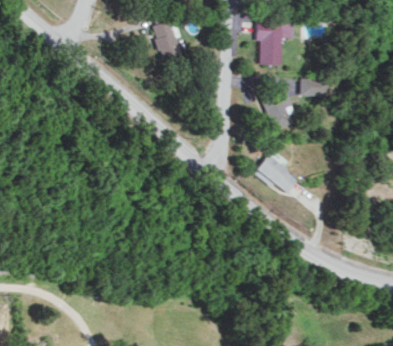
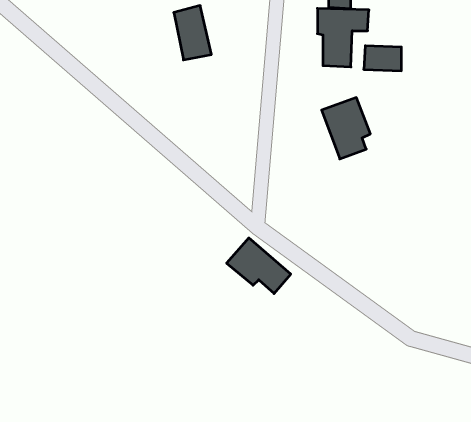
building: [300,79,327,97] -> [364,46,401,71]
building: [253,154,299,194] -> [227,238,291,294]

